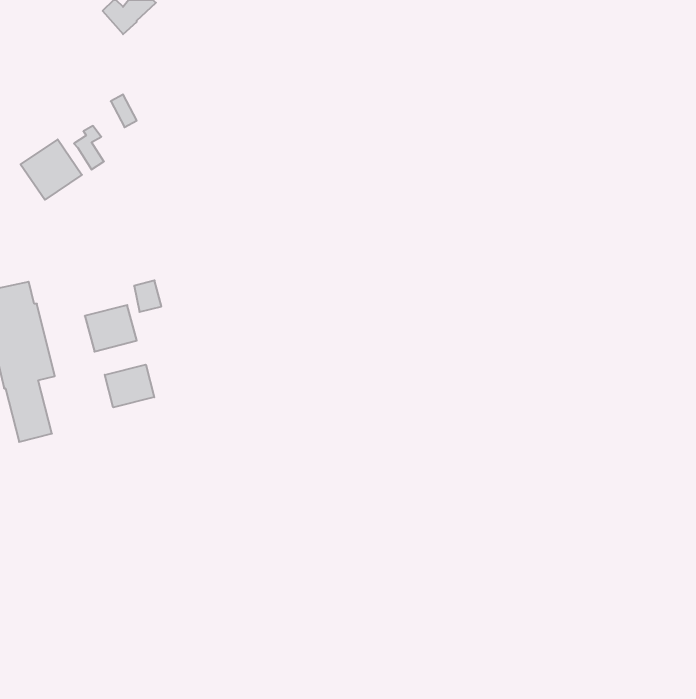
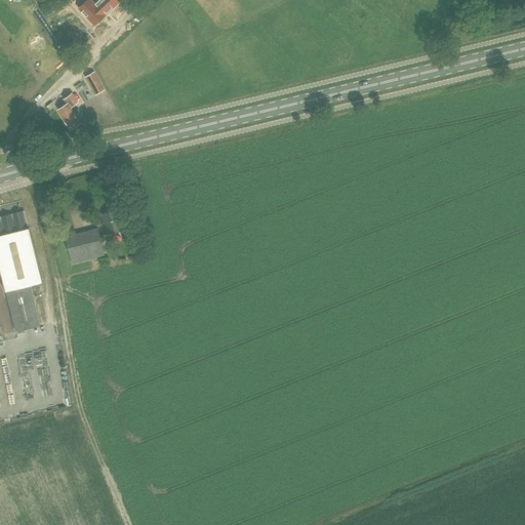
building: [21,139,82,200] -> none
building: [105,365,154,407] -> none

